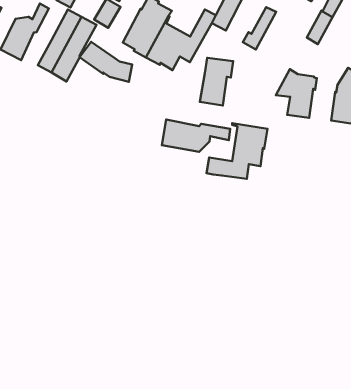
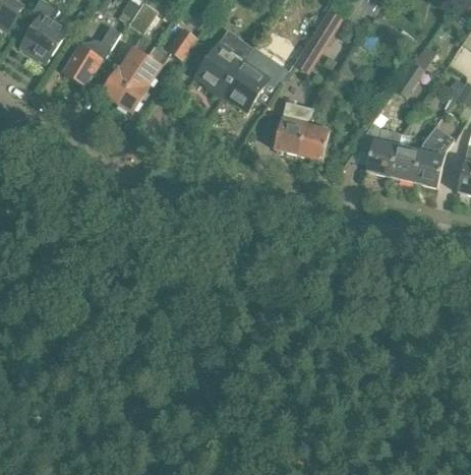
building: [80,42,132,82] -> none
building: none -> [297,123,329,160]
building: none -> [389,144,419,180]
building: [162,119,230,152] -> none
building: [207,123,268,179] -> none

